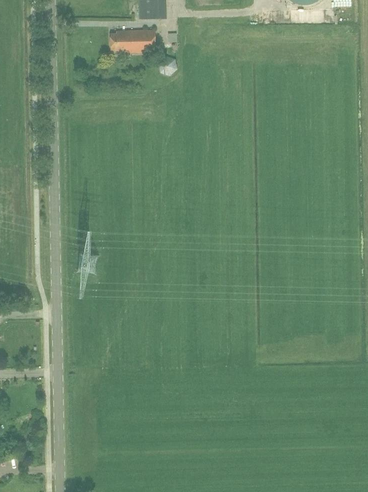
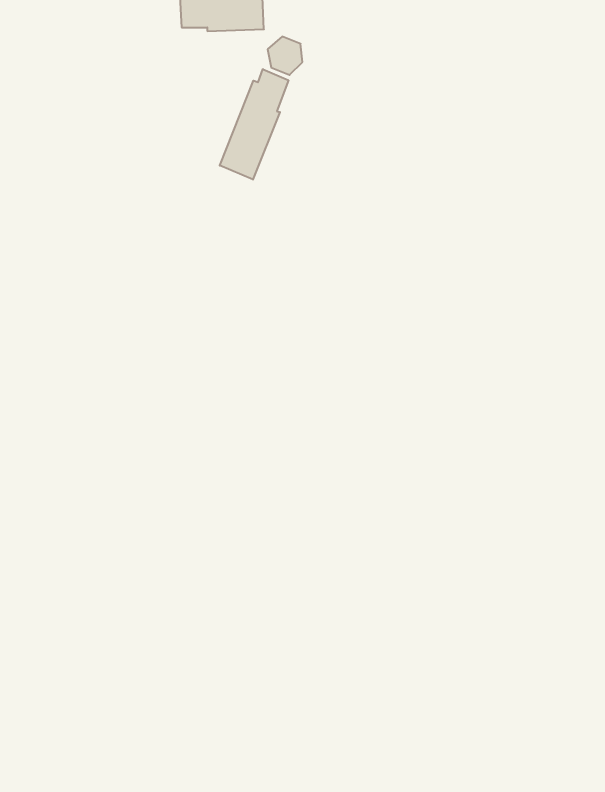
building: none -> [220,69,288,180]

